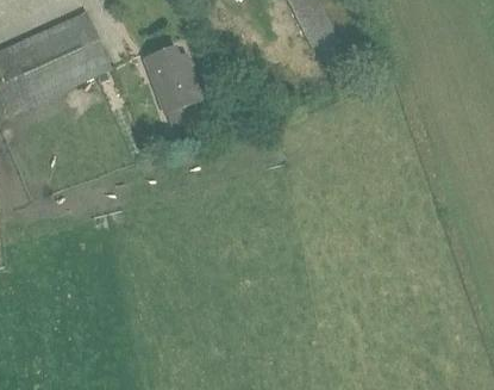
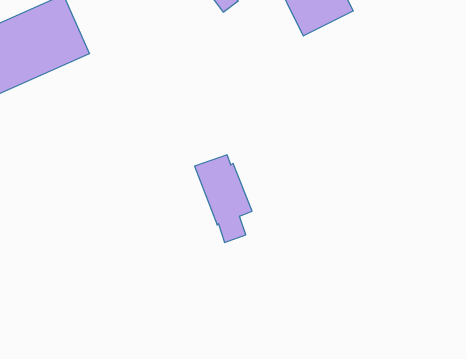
building: [144,47,199,130] -> [195,155,252,242]

